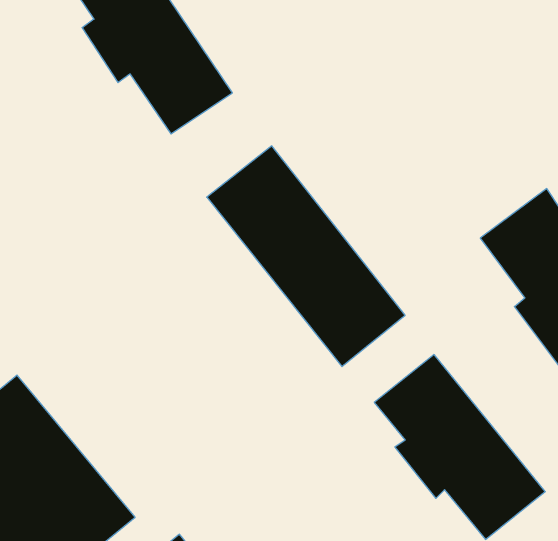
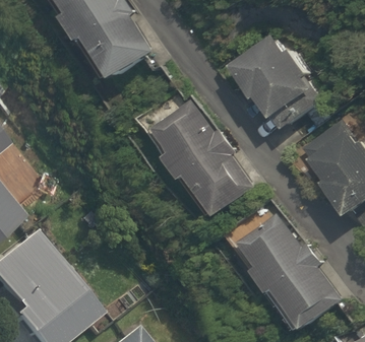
building: none -> [233,28,331,134]

